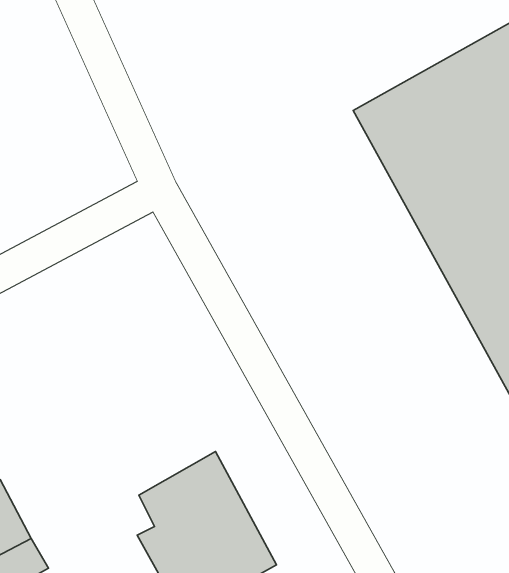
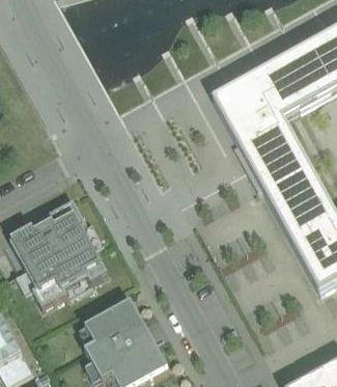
building: none -> [9,199,106,307]

